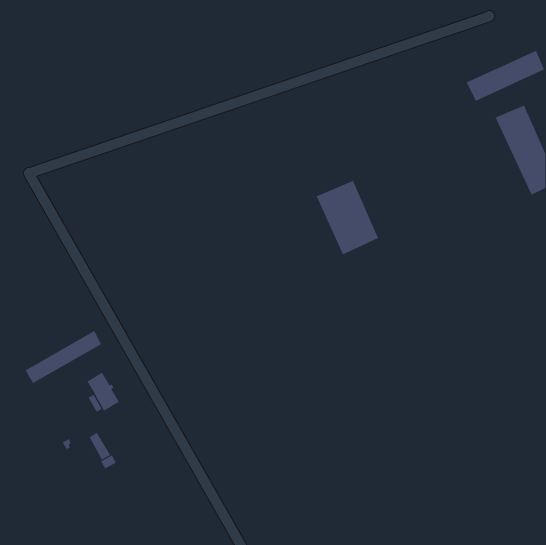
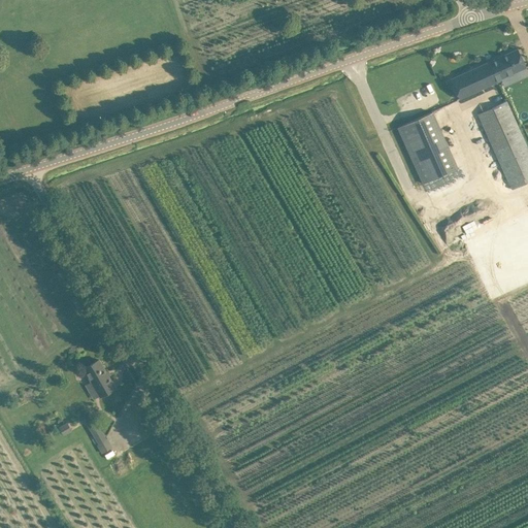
building: [316,180,379,255] -> [397,112,458,185]
building: [25,330,102,384] -> none

